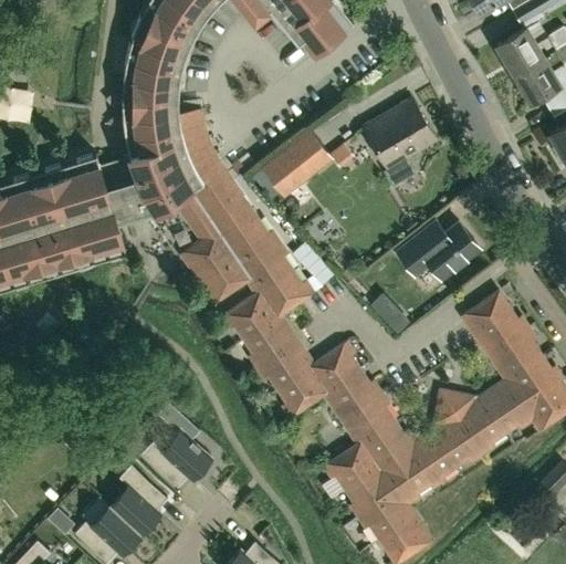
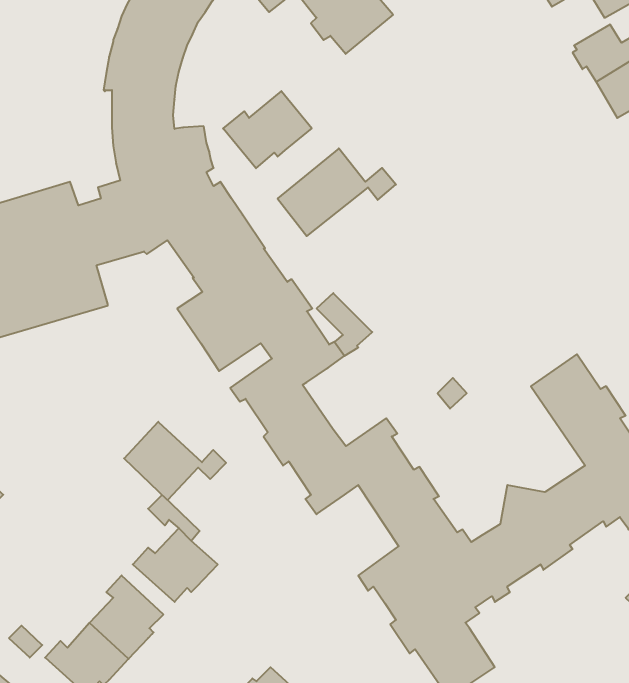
building: none -> [223,91,312,168]
building: [364,97,437,185] -> none
building: [397,221,480,279] -> none
building: none -> [124,422,226,500]

